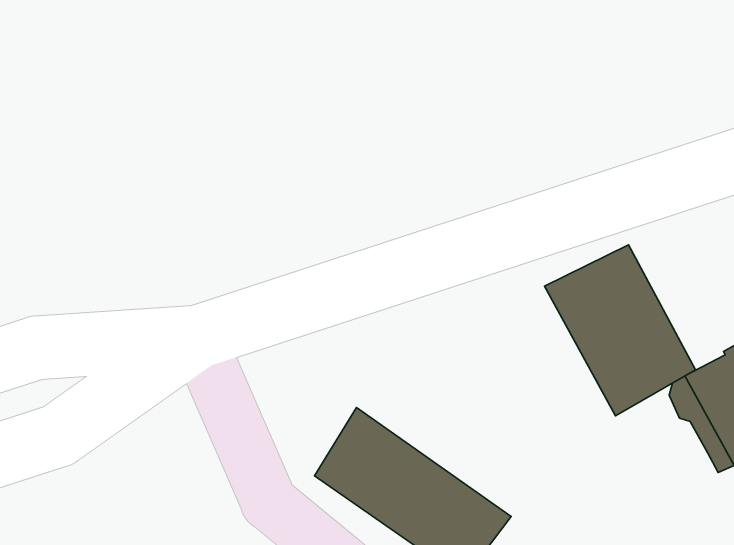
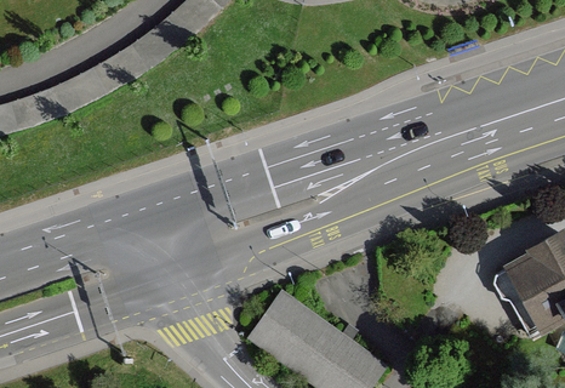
building: [545,245,695,416] -> none

